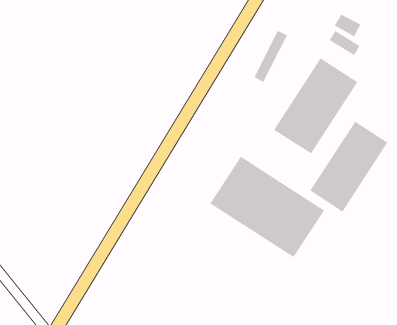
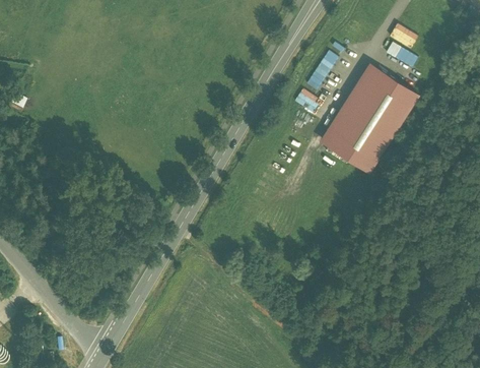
building: [310,121,388,212] -> none
building: [210,156,325,258] -> none

